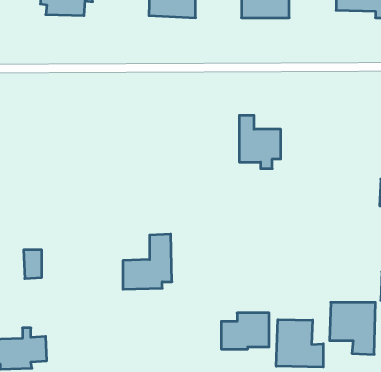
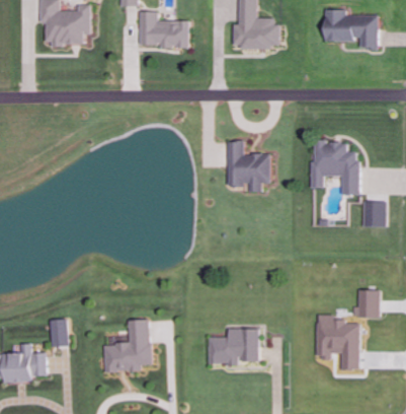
building: none -> [311,142,356,195]
building: [123,234,172,289] -> [104,320,151,372]
building: [24,250,42,279] -> [50,320,67,347]
building: [276,320,323,367] -> none

